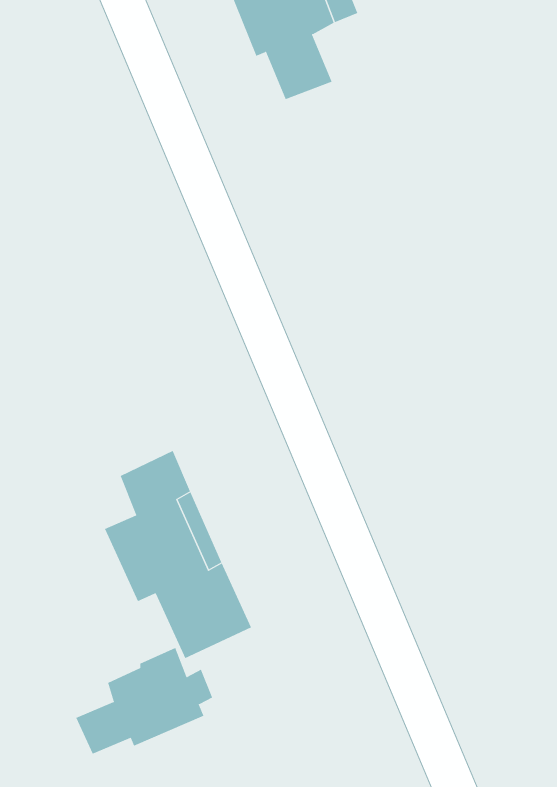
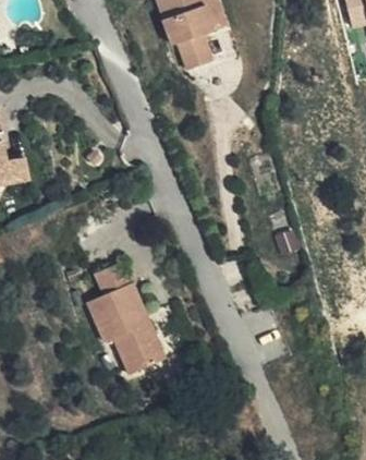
building: [75,647,213,755] -> none

